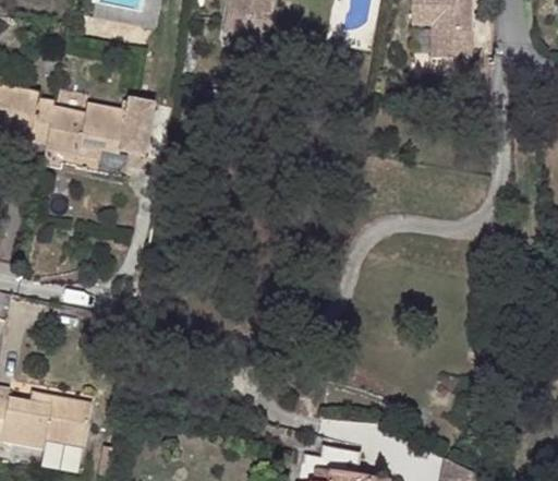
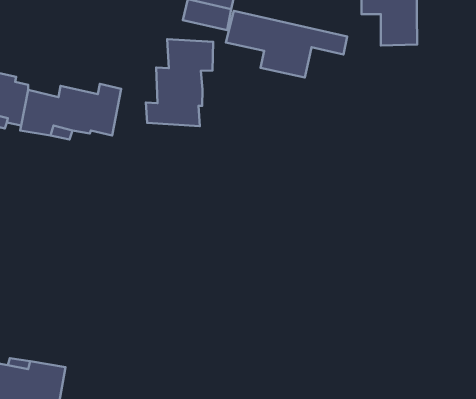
building: none -> [226,11,347,78]
building: none -> [146,39,213,126]

